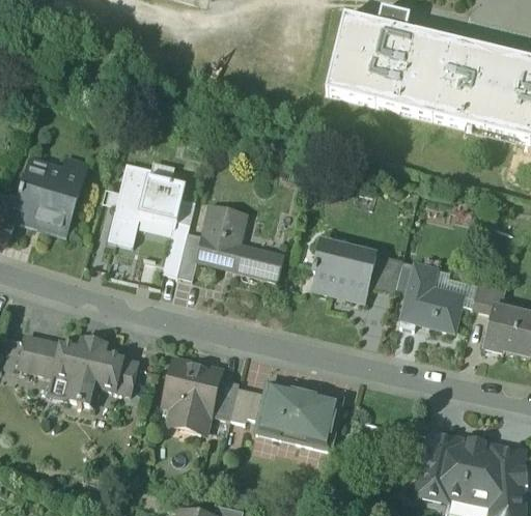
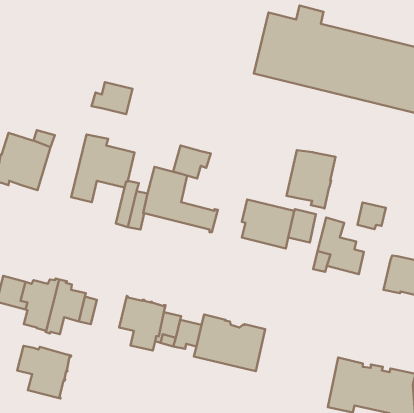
building: none -> [92,82,133,114]
building: none -> [173,145,211,178]
building: none -> [286,150,335,209]
building: [472,283,506,315] -> [357,203,386,229]
building: none -> [17,346,71,398]

